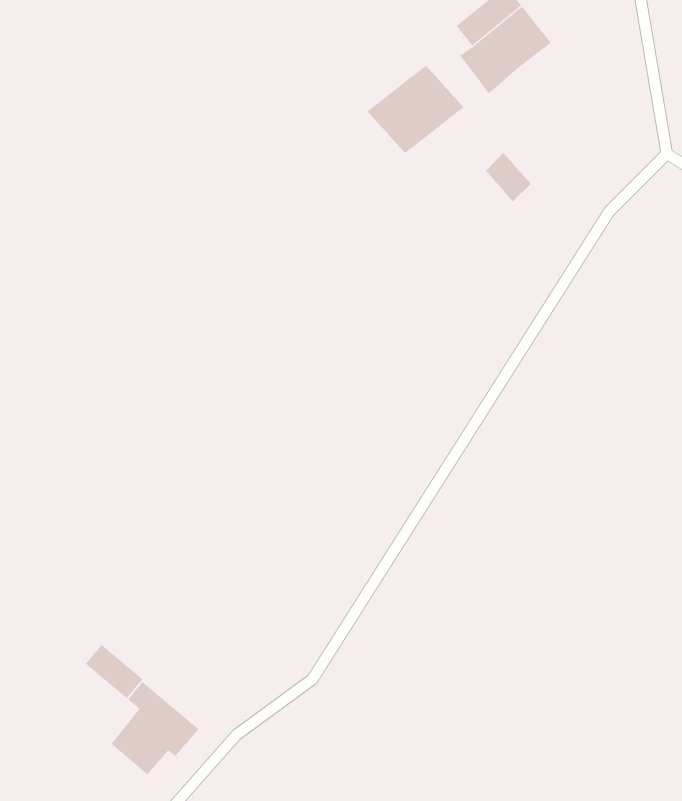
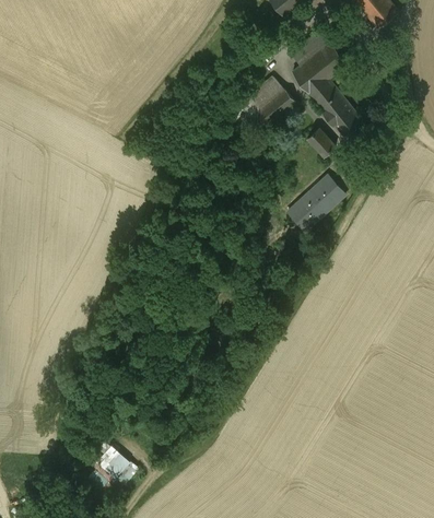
building: none -> [309,79,361,136]
building: none -> [288,176,343,231]
building: [85,644,144,699] -> none

